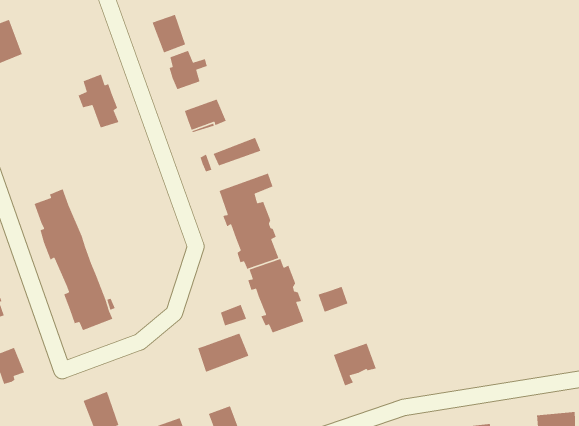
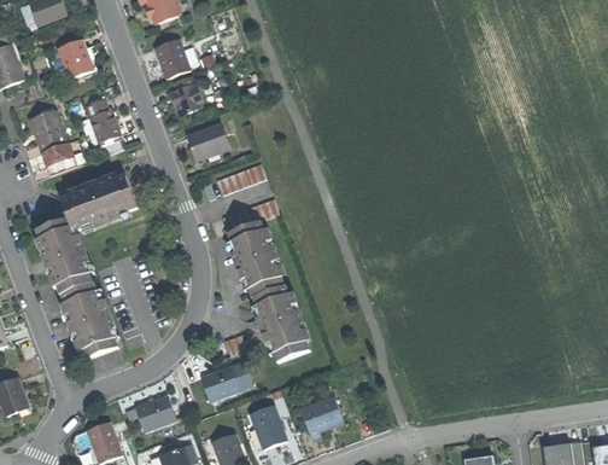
building: none -> [58,39,93,80]
building: none -> [28,109,77,175]
building: none -> [60,175,136,232]
building: [317,286,348,313] -> none
building: [333,342,377,387] -> [299,396,344,441]
building: none -> [135,396,175,431]
building: none -> [249,405,286,449]

